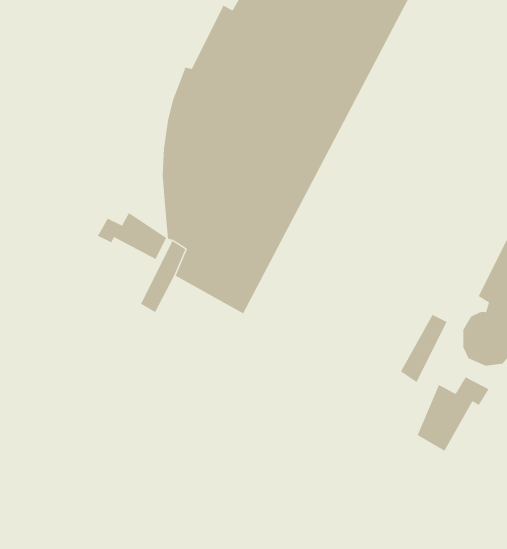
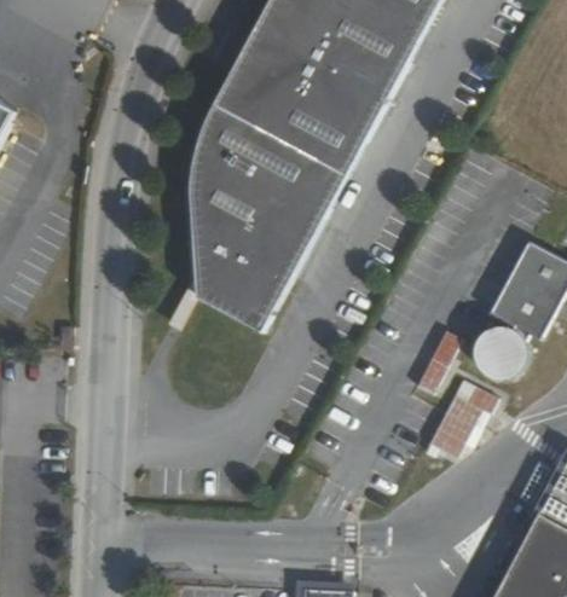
building: [97,212,167,260] -> none

